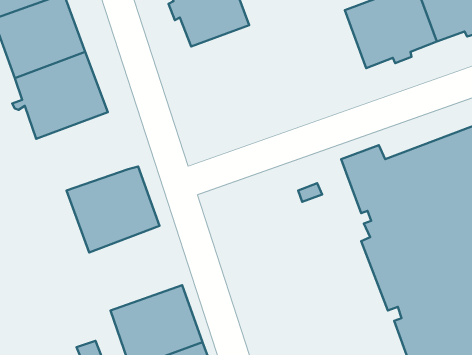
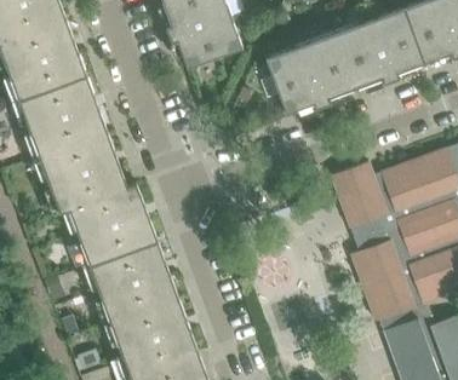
building: none -> [264,34,355,115]
building: none -> [38,132,126,215]
building: none -> [88,241,178,322]

